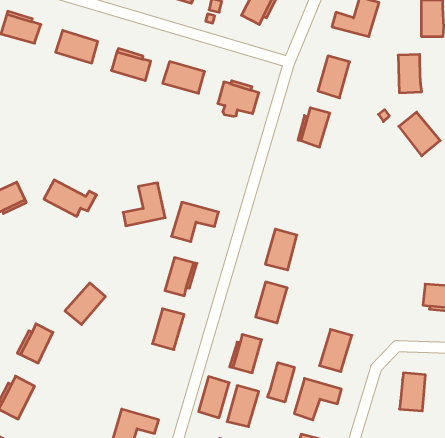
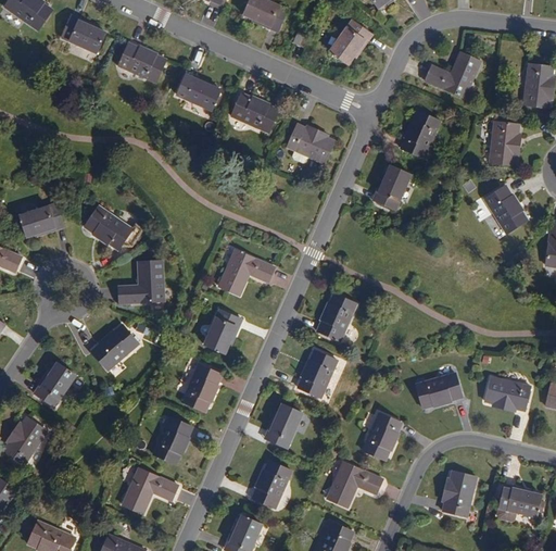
building: [123,183,165,226] -> [118,260,164,302]
building: none -> [417,372,463,406]
building: [268,363,294,402] -> none
building: [199,377,229,418] -> [153,416,191,463]

